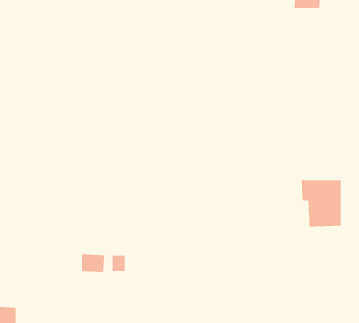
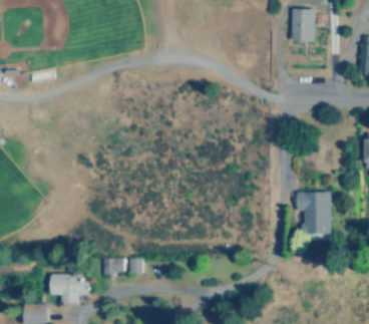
building: none -> [50,274,90,302]

